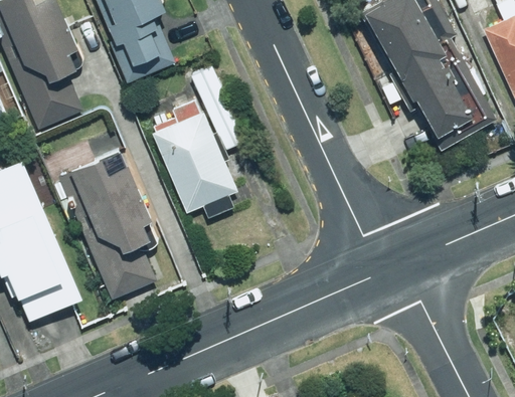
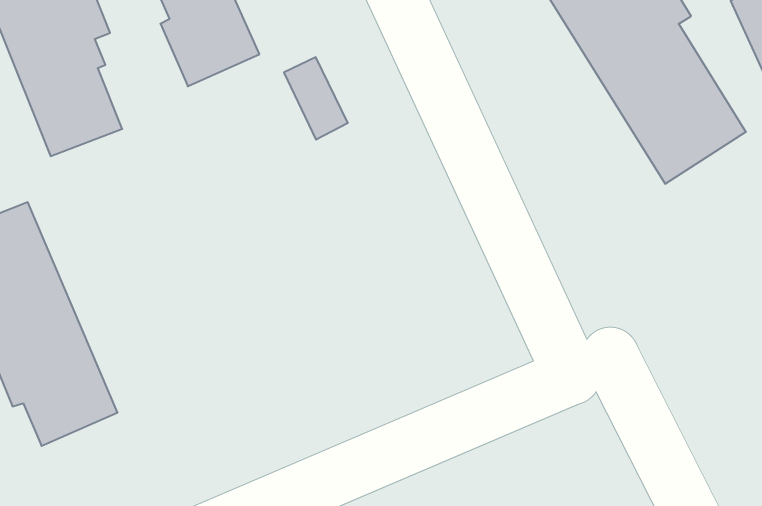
building: [153,102,238,220] -> none
building: [68,158,157,302] -> none

